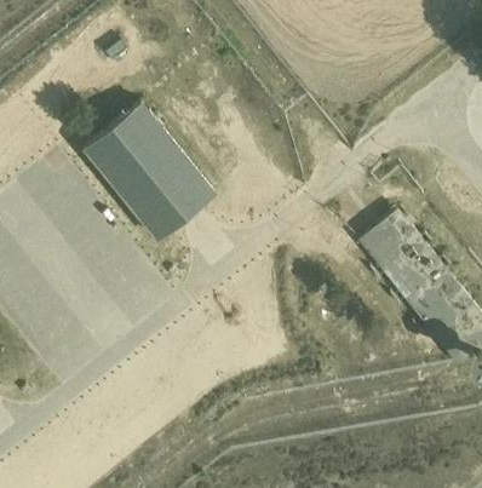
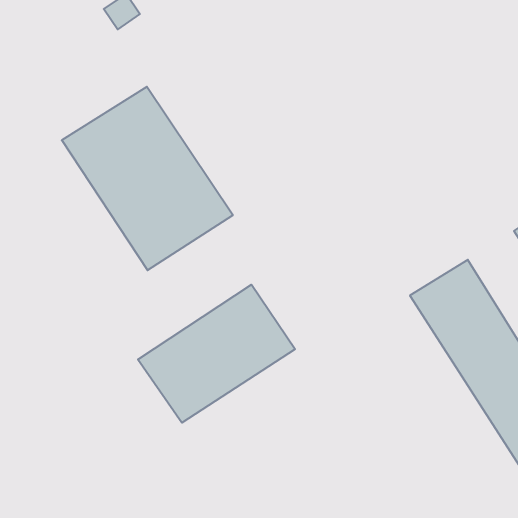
building: none -> [138,285,295,423]

